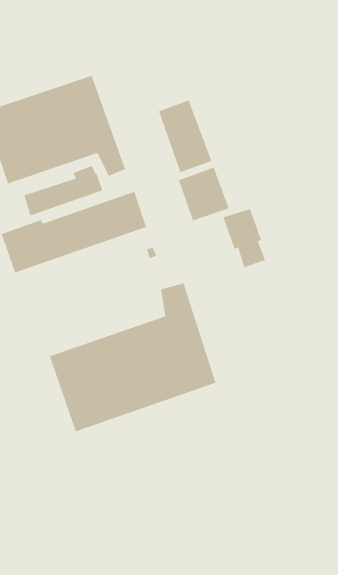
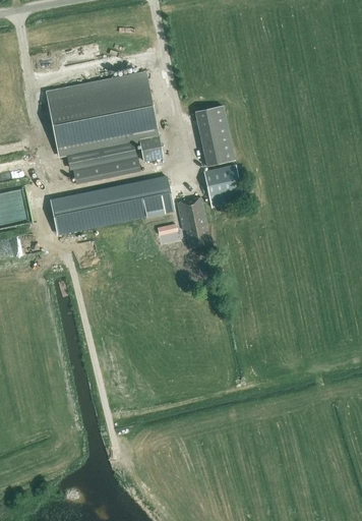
building: [222,209,266,268] -> [176,197,207,246]
building: [49,282,216,432] -> none

